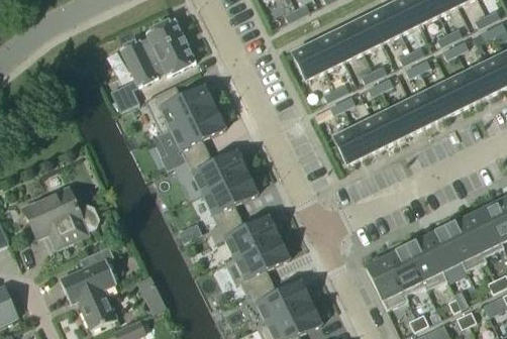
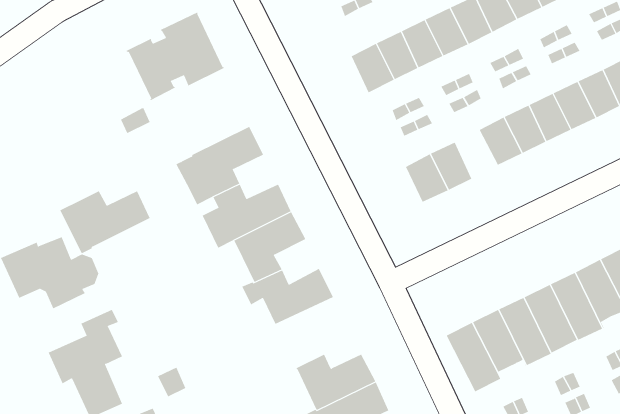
building: [144,84,214,132] -> [60,191,151,254]
building: [372,108,404,145] -> none
building: [224,236,289,294] -> none

